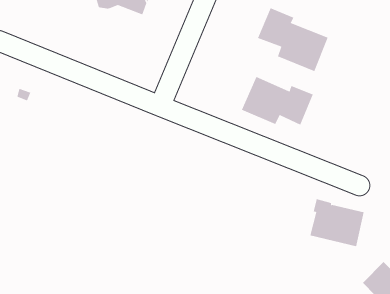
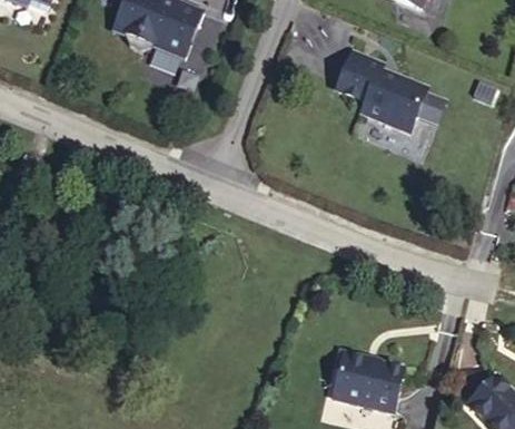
building: [241,76,313,125] -> none
building: [309,199,364,247] -> [336,352,407,415]

